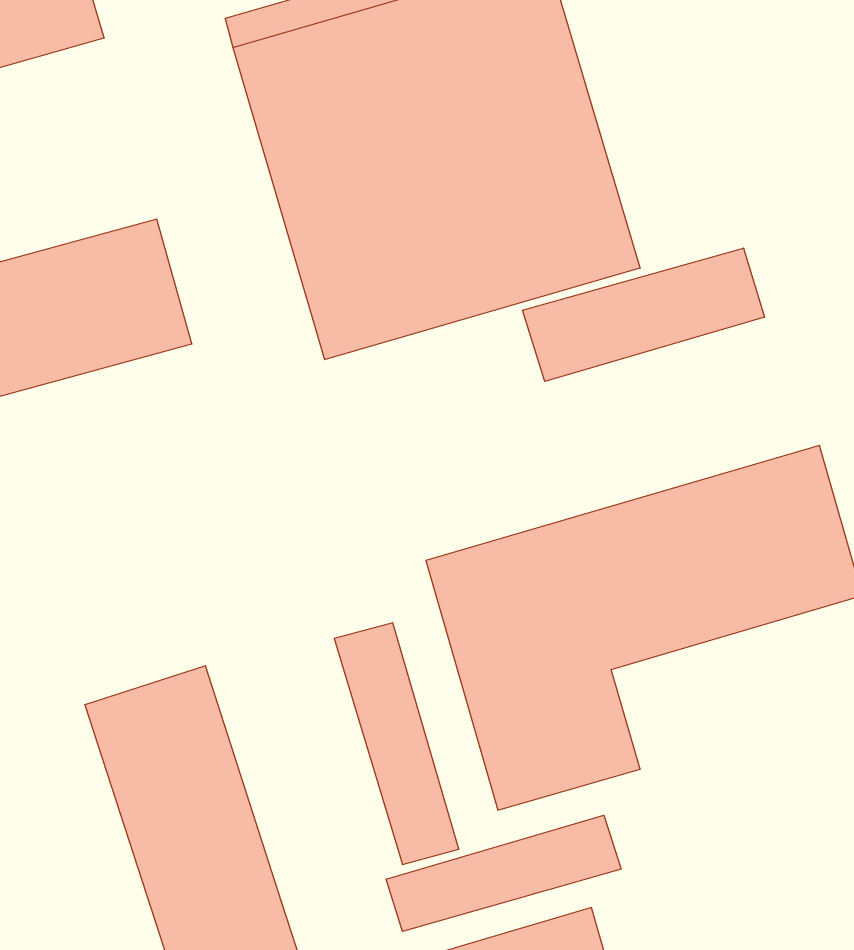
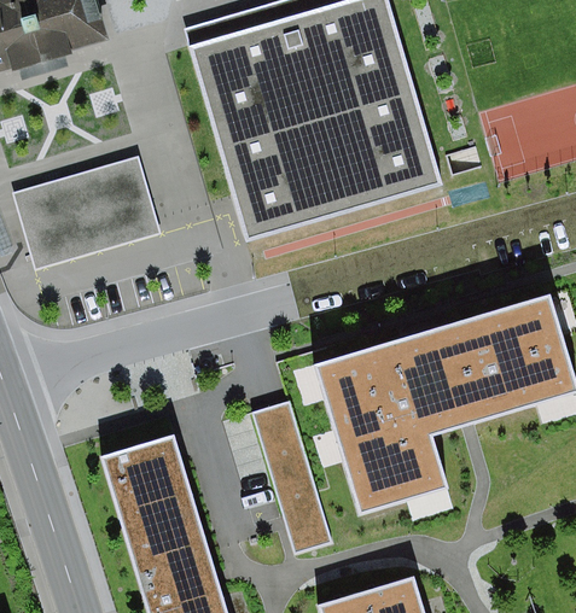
building: [522,248,765,381] -> none
building: [386,815,621,931] -> none

